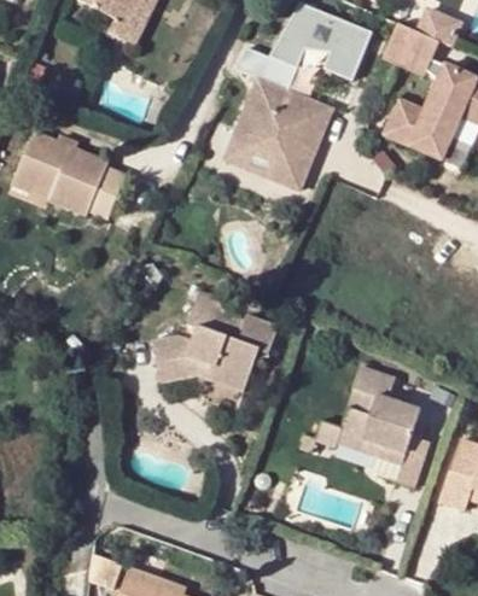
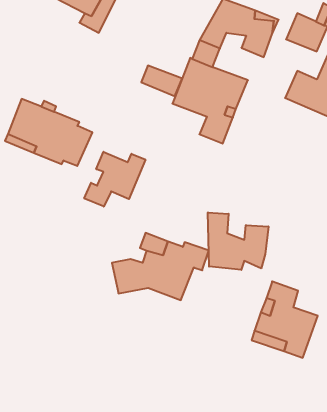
building: [223,138,276,177] -> [141,66,182,96]
building: none -> [84,152,145,207]
building: none -> [208,212,268,270]

